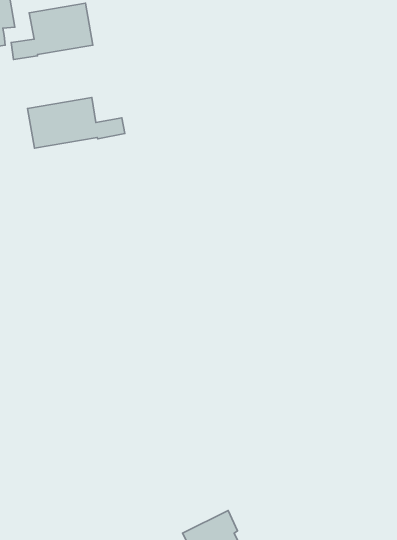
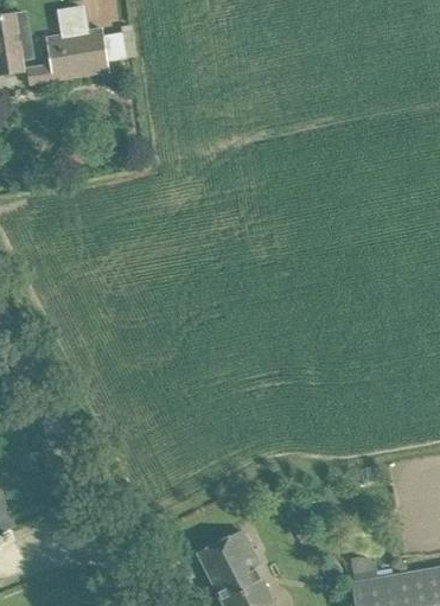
building: [28,97,125,148] -> none

